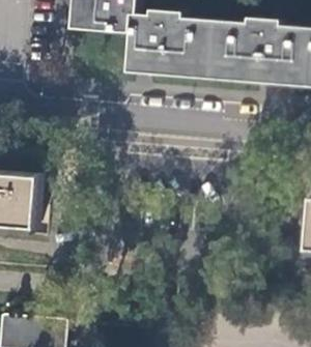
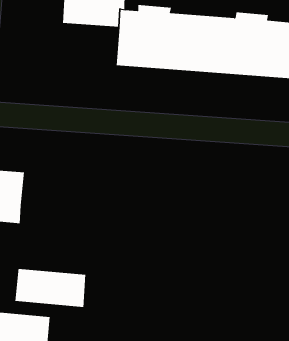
building: none -> [15,268,86,308]

